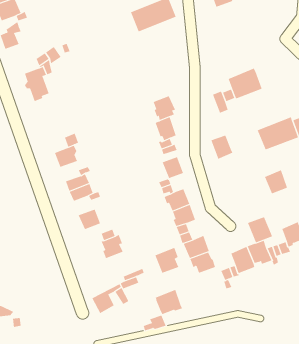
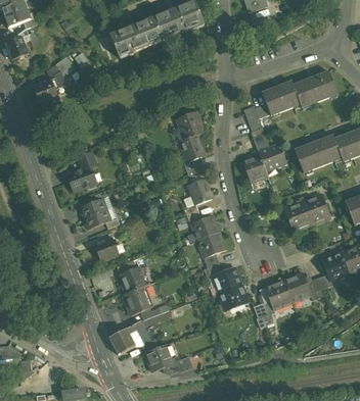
building: none -> [109,17,162,57]
building: none -> [294,70,338,106]
building: none -> [259,144,286,170]
building: [247,217,273,243] -> [283,201,312,231]
building: [155,247,179,274] -> [123,285,150,314]
building: [155,289,183,315] -> [144,343,176,371]

